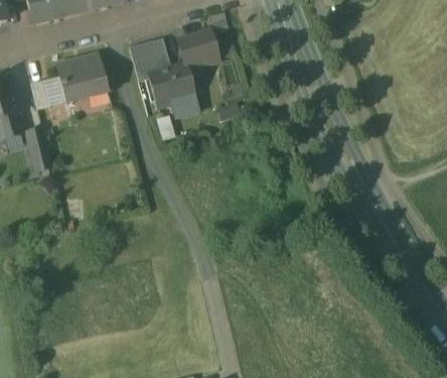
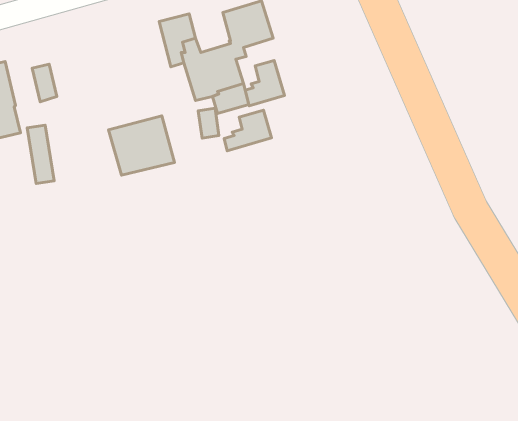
building: [56,53,108,100] -> [109,116,175,175]
building: none -> [245,61,284,106]
building: none -> [224,110,271,151]

